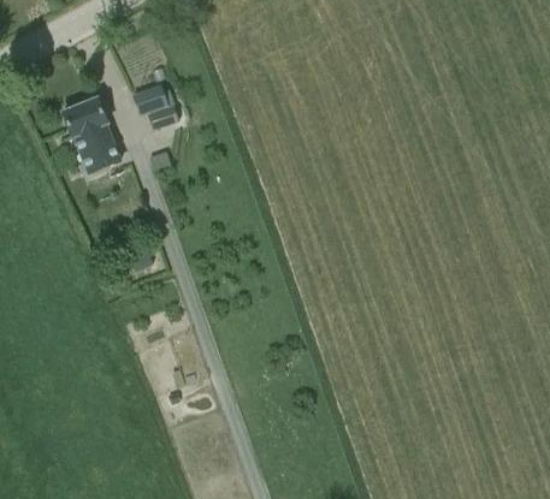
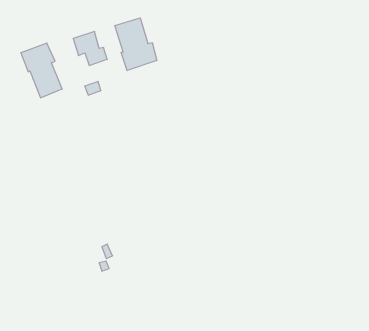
building: none -> [115,18,157,71]

